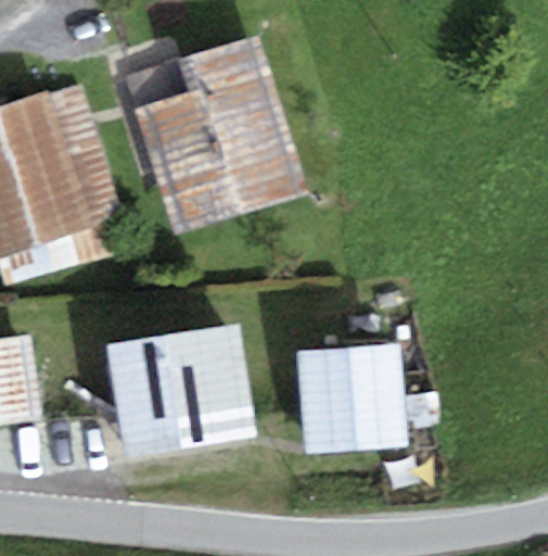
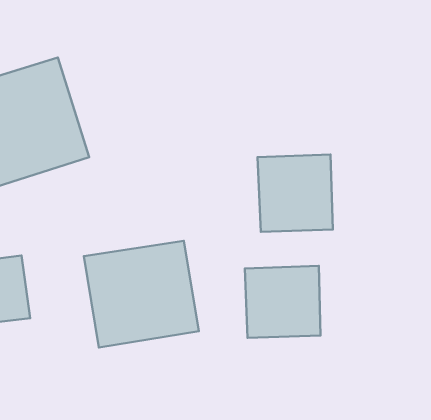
building: [142,41,305,239] -> none
building: none -> [257,155,333,232]

